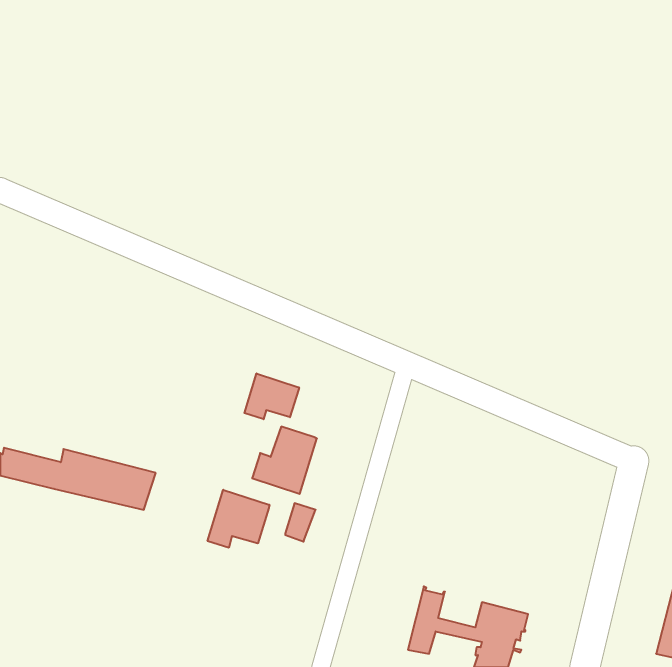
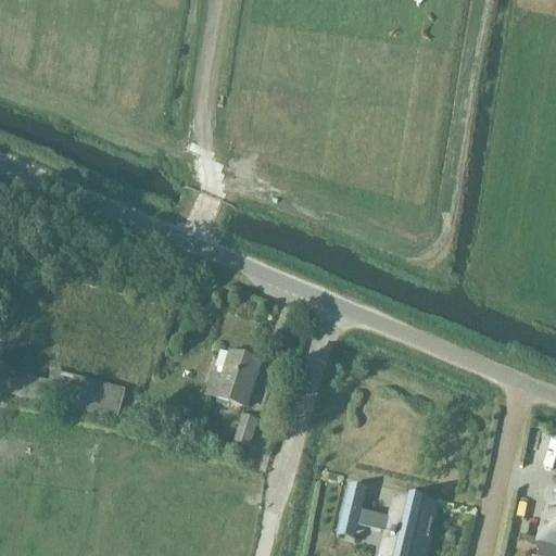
building: [244,373,299,419] -> none
building: [208,490,269,548] -> none

